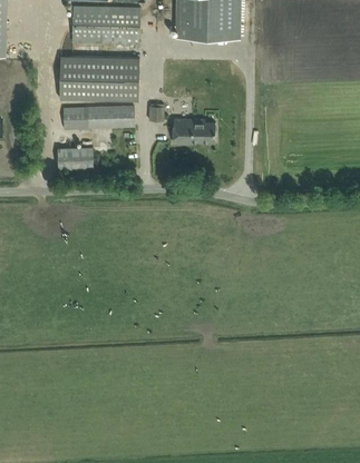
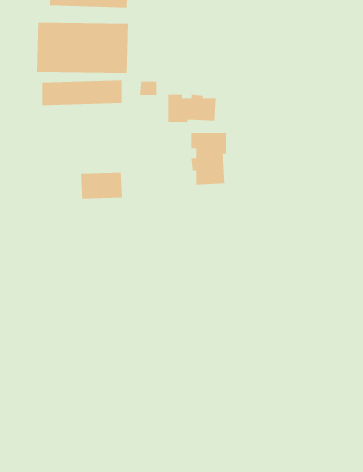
building: [57,146,94,169] -> [80,172,123,199]
building: none -> [191,132,227,185]

